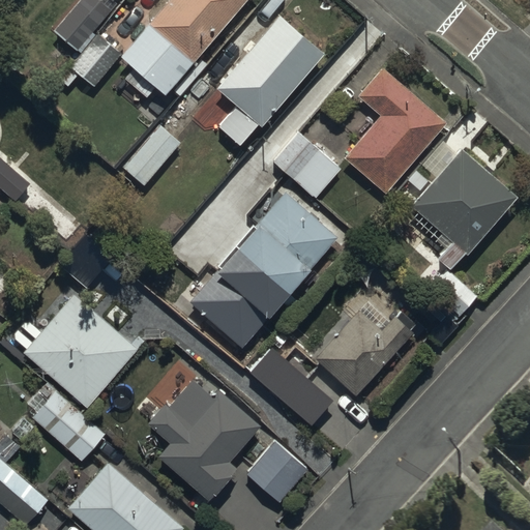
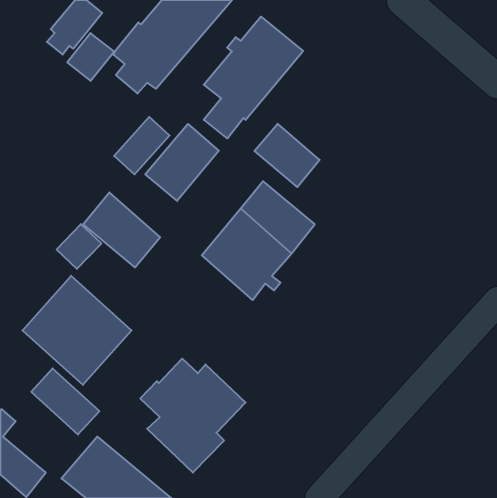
building: [345,67,445,193] -> none
building: none -> [145,124,219,201]
building: [411,150,517,270] -> none
building: [187,271,269,351] -> [83,192,160,267]
building: [315,311,416,394] -> none
building: [252,348,334,425] -> none
building: [246,442,307,502] -> none

